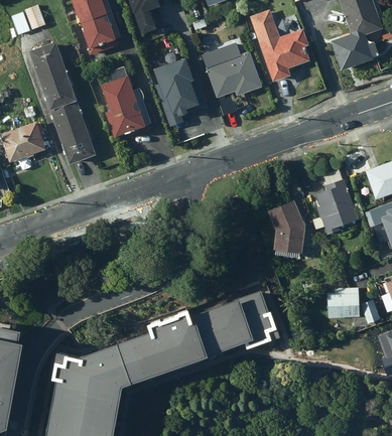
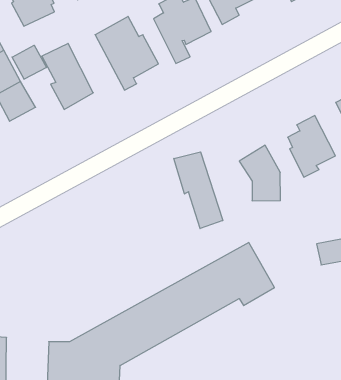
building: none -> [12,45,46,79]
building: [60,131,96,167] -> none
building: none -> [174,152,223,229]

